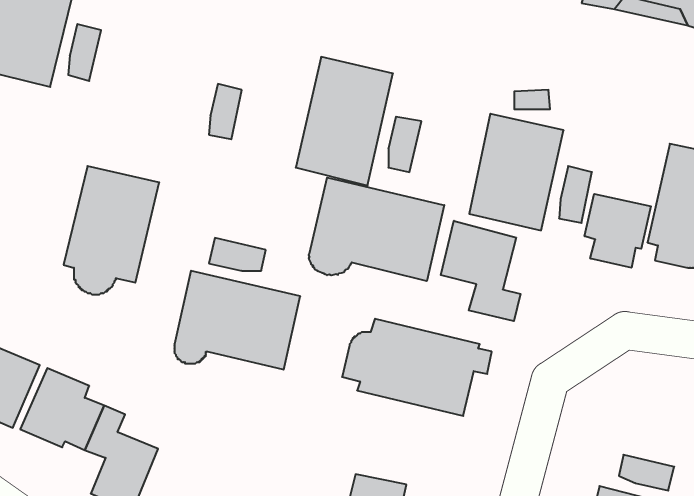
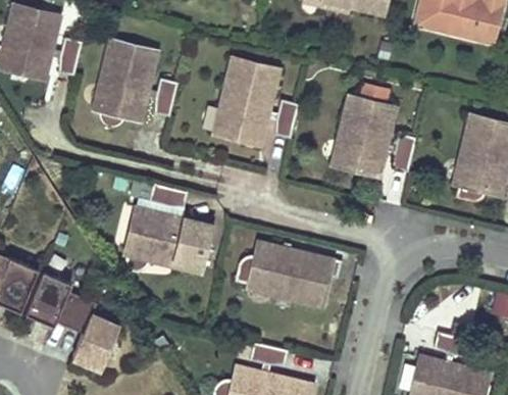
building: [64,166,159,295] -> [92,42,157,130]
building: [309,178,444,281] -> none
building: [585,194,651,268] -> none
building: [441,221,521,321] -> none

